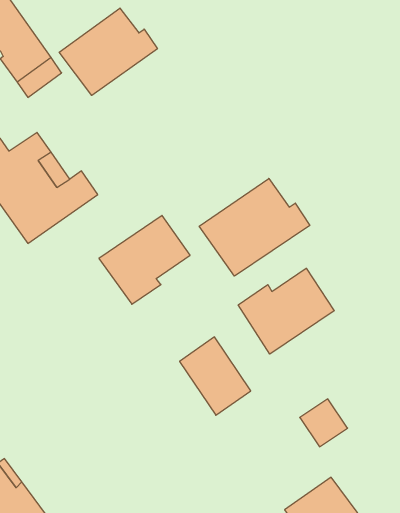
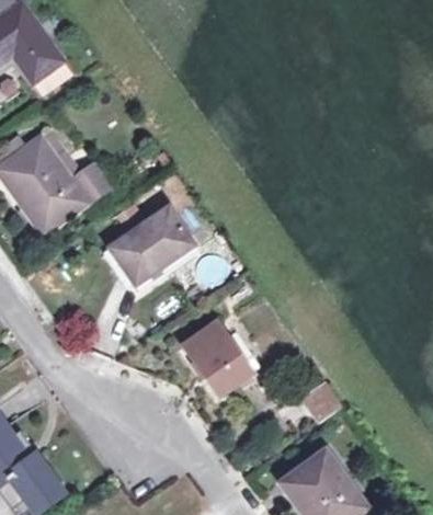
building: [59,8,157,95] -> none
building: [199,178,310,276] -> none
building: [238,268,334,354] -> none

